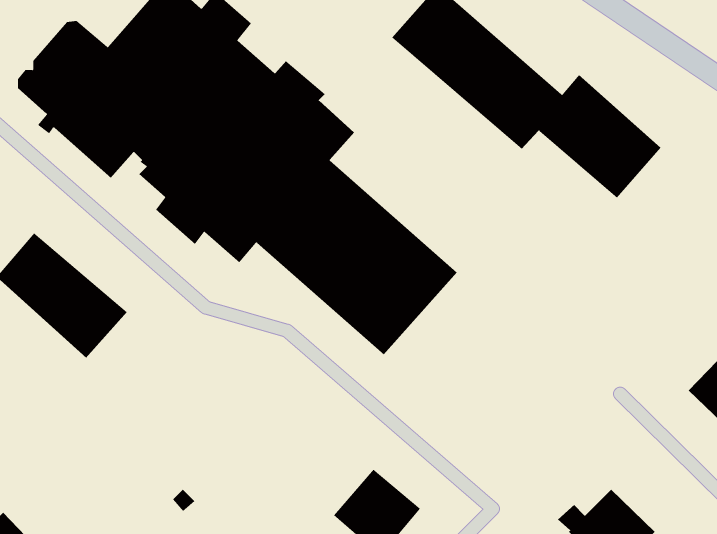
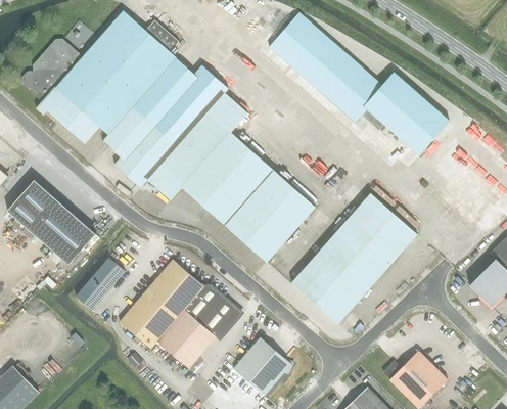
building: none -> [291,193,417,324]
building: none -> [76,258,125,310]
building: none -> [120,260,241,368]

